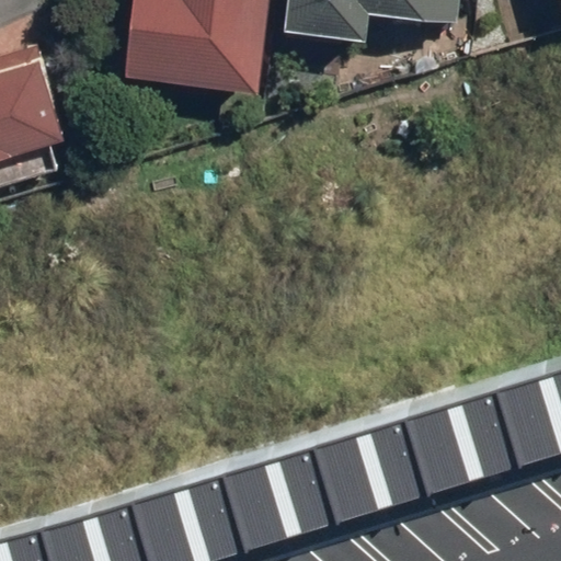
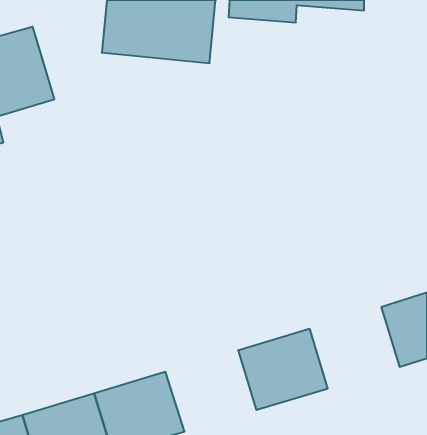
building: [393,398,507,501] -> none
building: [210,453,325,556] -> none

